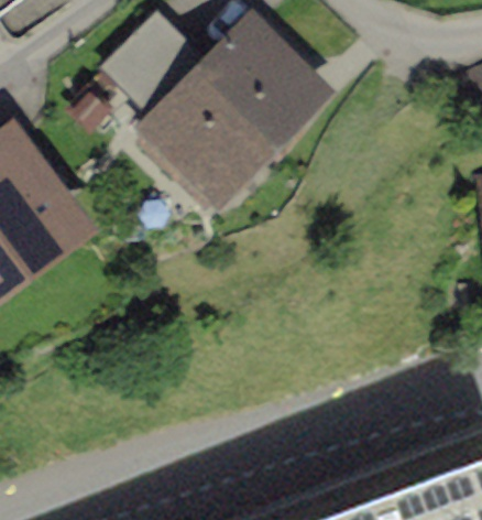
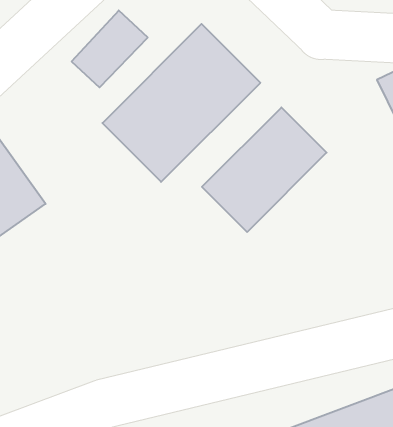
building: none -> [202,107,327,232]

